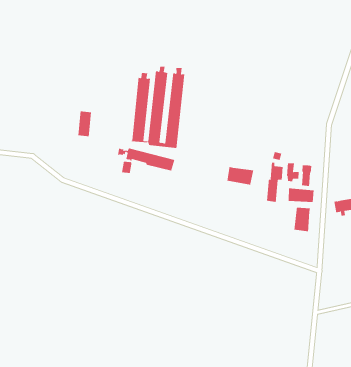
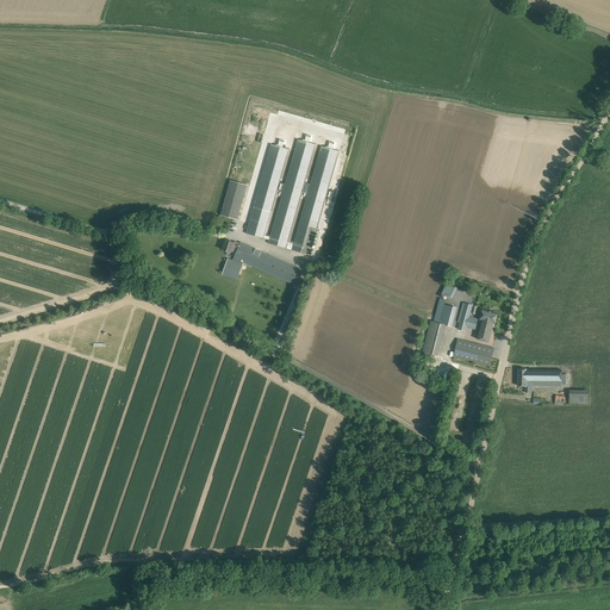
building: [77,111,92,137] -> [220,180,247,219]
building: [227,166,254,186] -> none
building: [294,207,310,232] -> none

